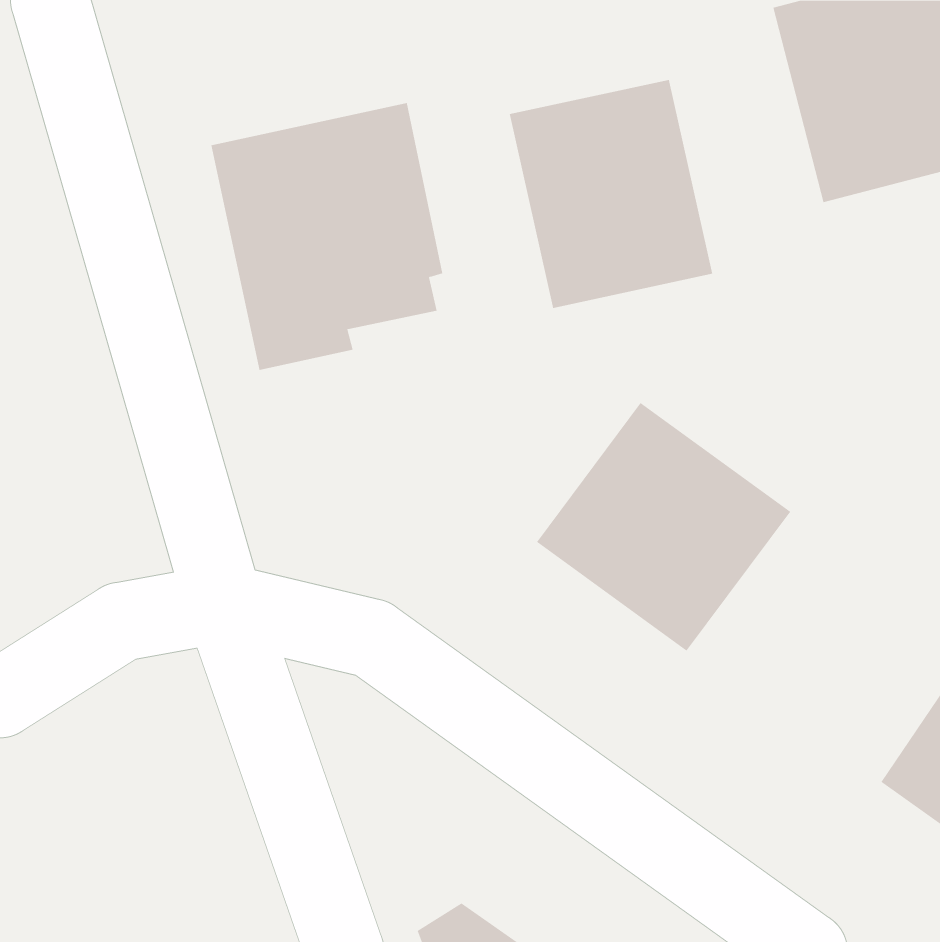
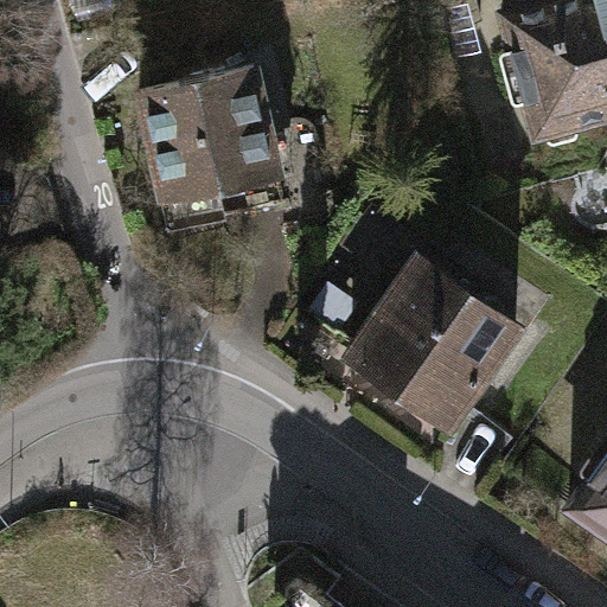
building: [509,79,713,309] -> none

